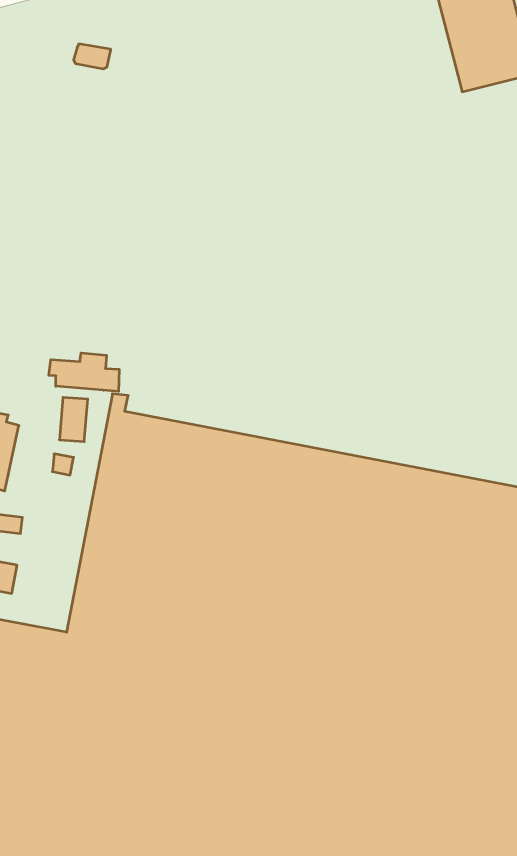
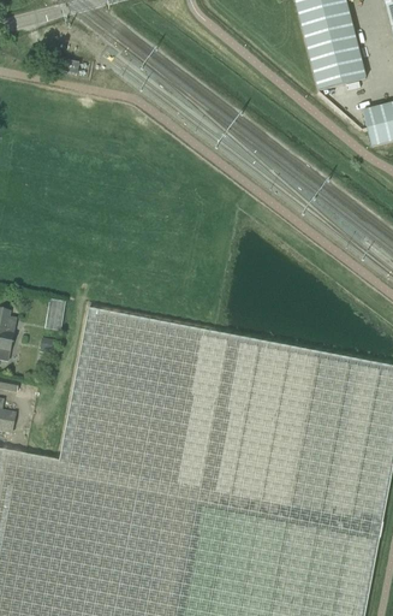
building: [49,353,119,391] -> none

